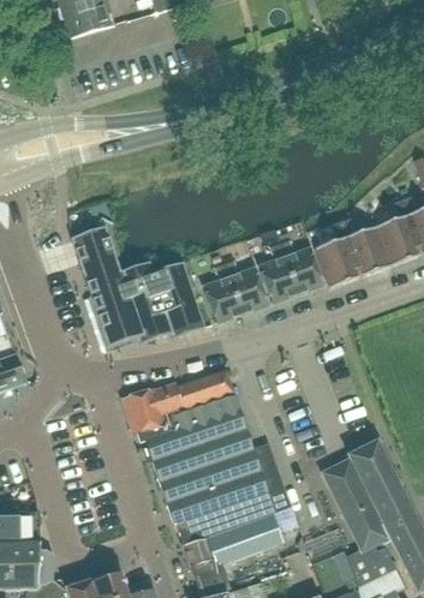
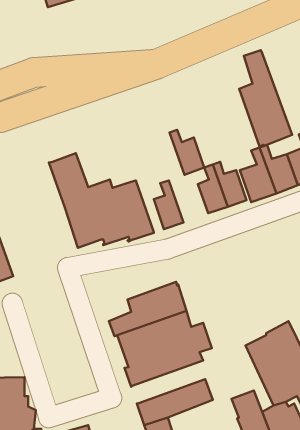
building: none -> [239,50,292,147]
building: [223,256,268,313] -> [170,130,204,175]
building: [121,370,233,439] -> none
building: [177,474,289,545] -> none

